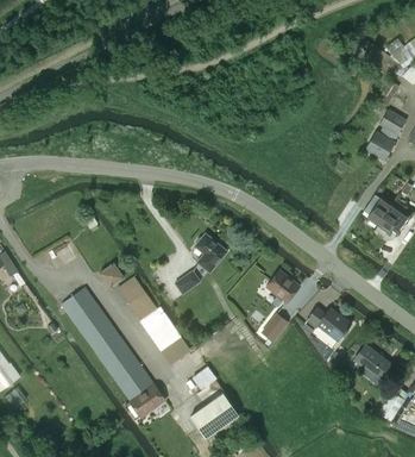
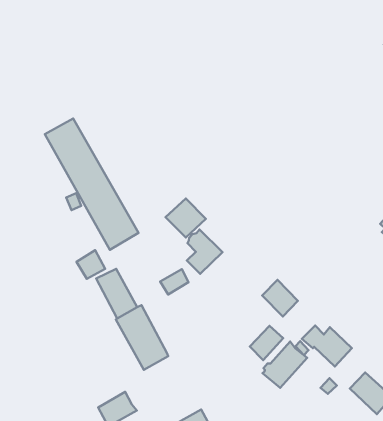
building: none -> [166,198,206,238]
building: [61,287,153,400] -> [45,118,139,250]
building: none -> [263,342,307,388]

